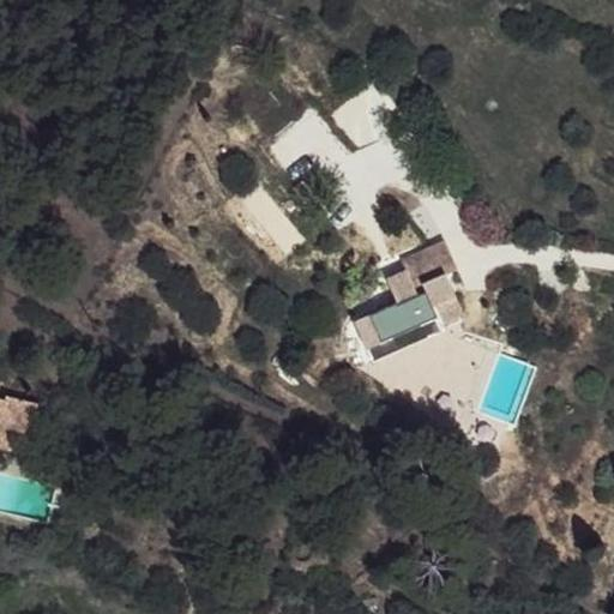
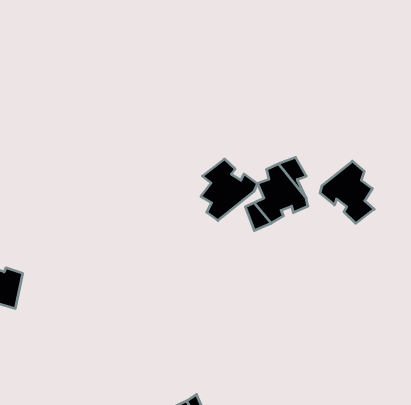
building: none -> [201,159,257,221]
building: none -> [320,161,374,223]

